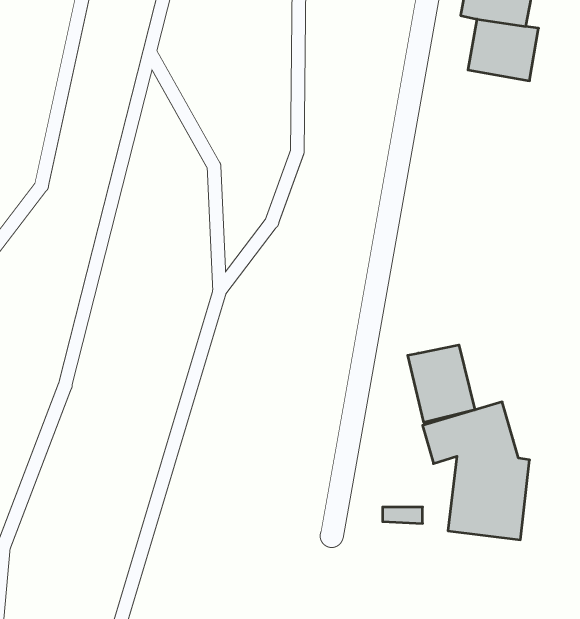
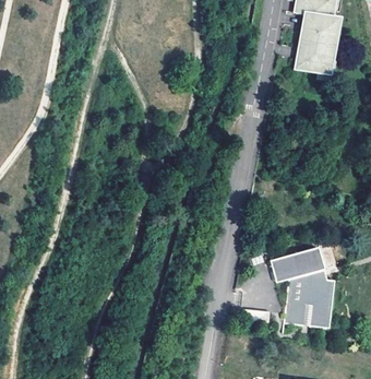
building: none -> [292,46,334,78]
building: [408,345,475,423] -> none

